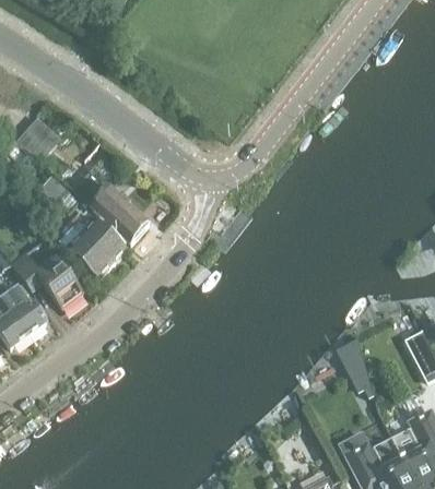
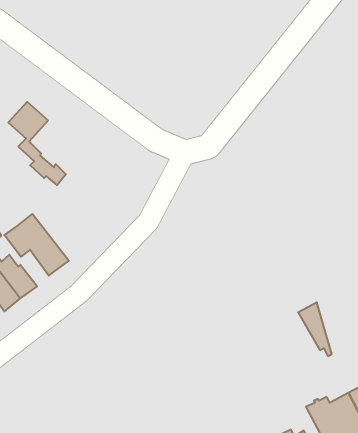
building: [72,153,150,240] -> none
building: [59,218,126,276] -> none

